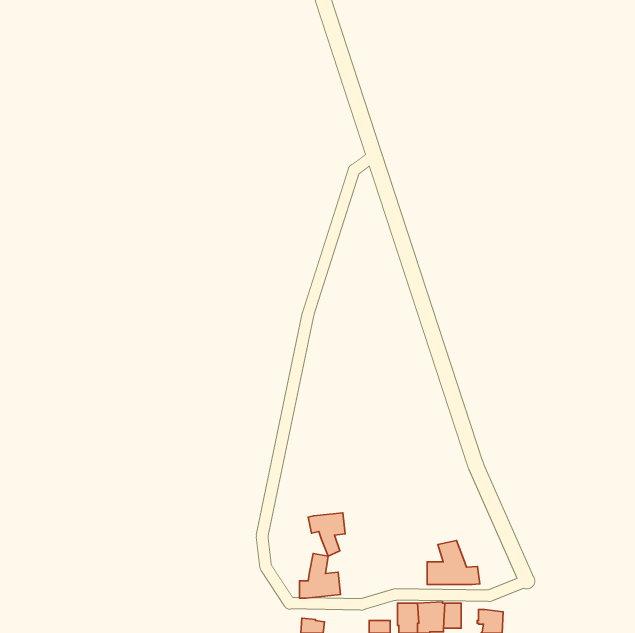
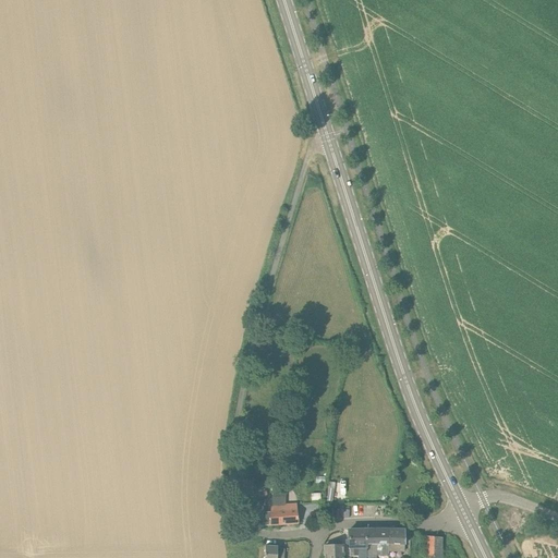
building: [308,513,345,556] -> none
building: [427,541,480,584] -> none

